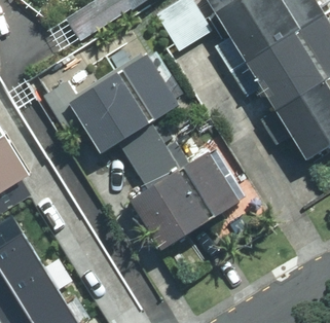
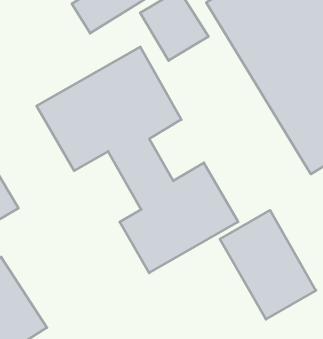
building: none -> [220,210,316,319]

